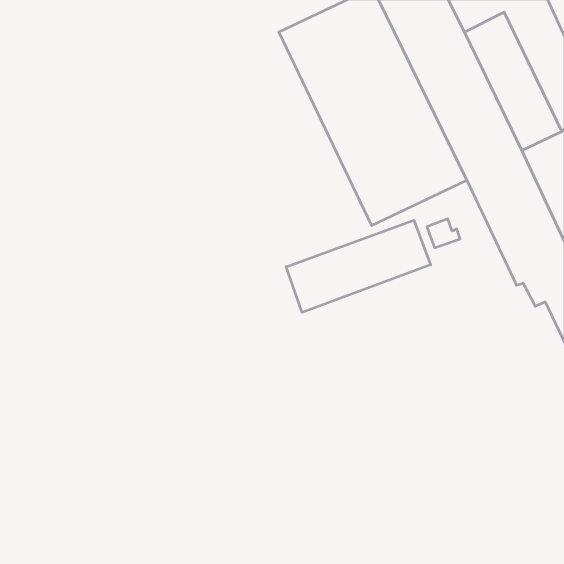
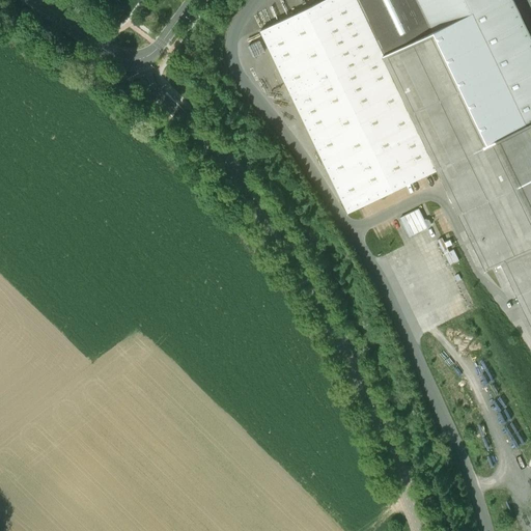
building: [286,220,431,312] -> none

